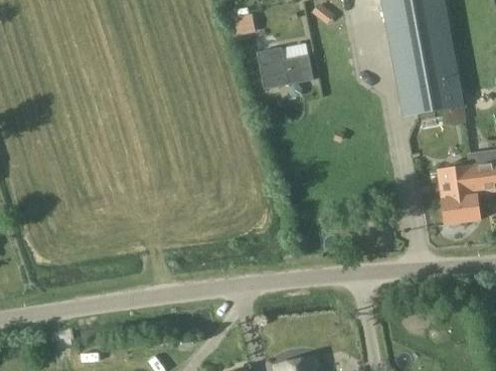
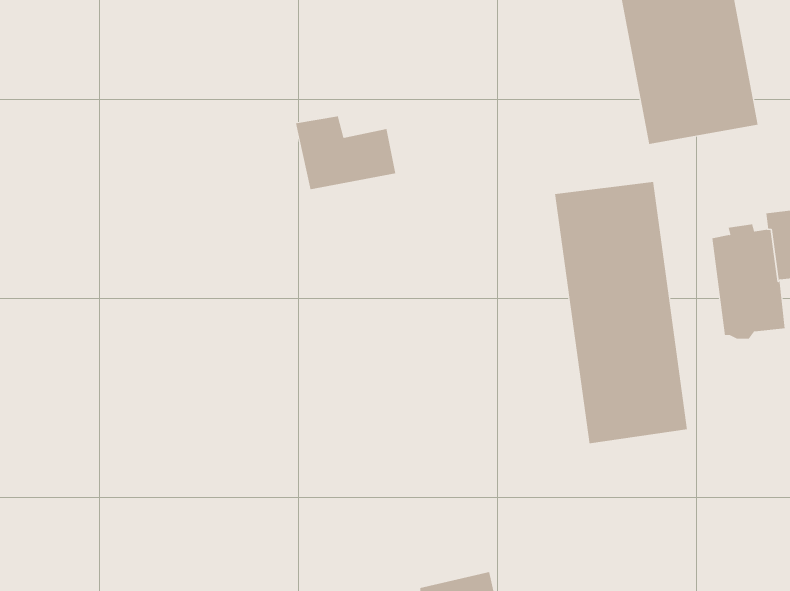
building: [257,47,313,88] -> [295,116,396,190]
building: none -> [555,181,688,444]

